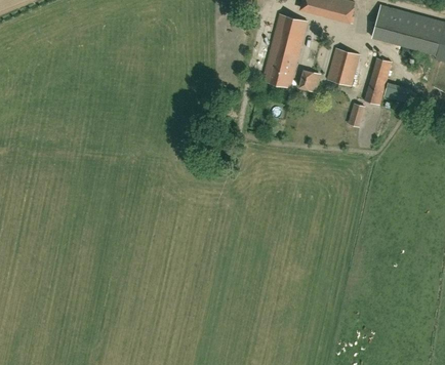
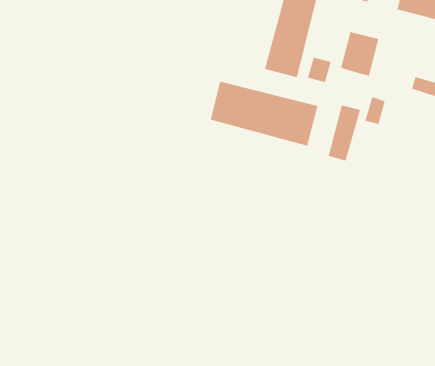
building: [365,57,393,105] -> [328,105,361,161]
building: none -> [210,81,318,146]

